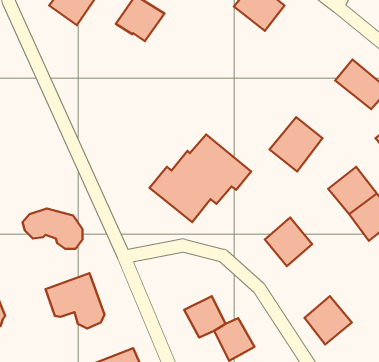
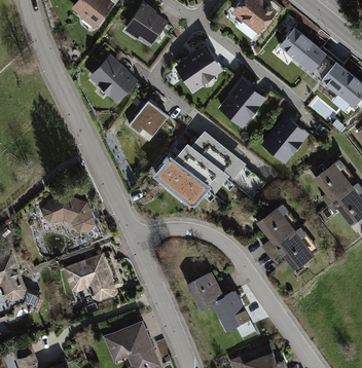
building: none -> [280,29,326,73]
building: none -> [173,45,221,91]
building: none -> [89,56,138,103]
building: none -> [220,78,267,126]
building: none -> [126,99,165,139]
building: [304,296,352,344] -> [278,227,320,270]

